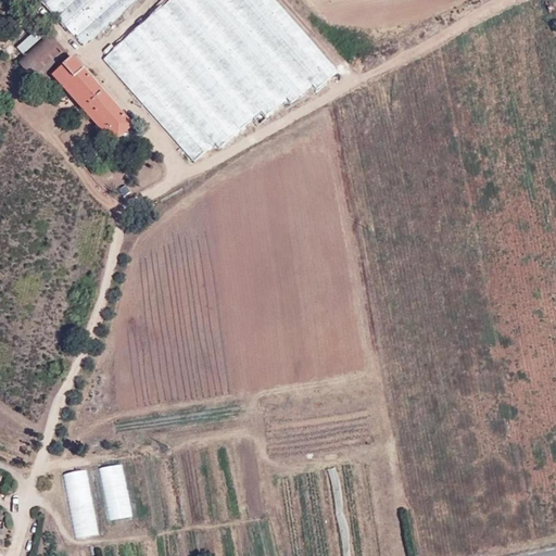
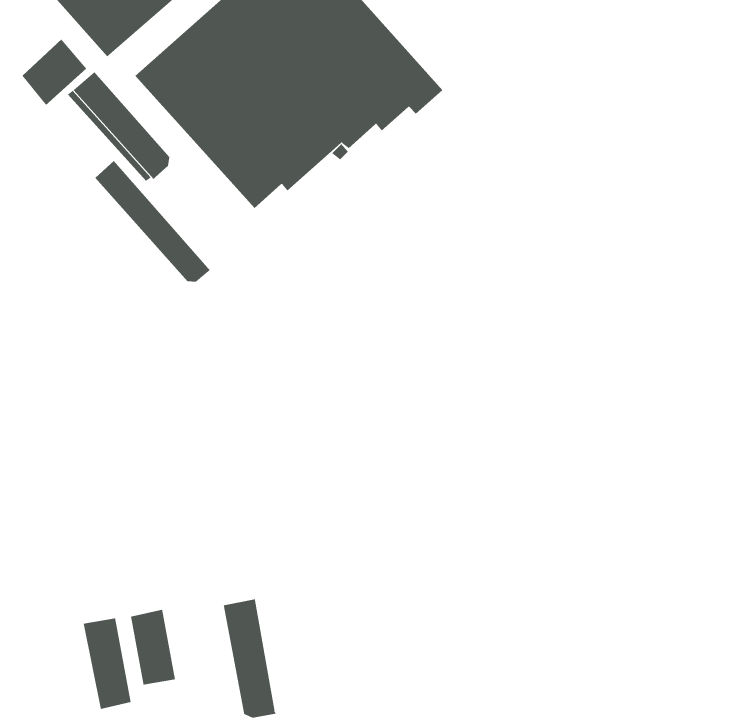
building: none -> [95,160,211,283]
building: none -> [223,598,277,718]

